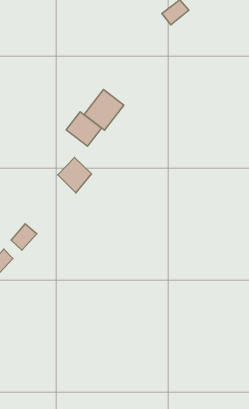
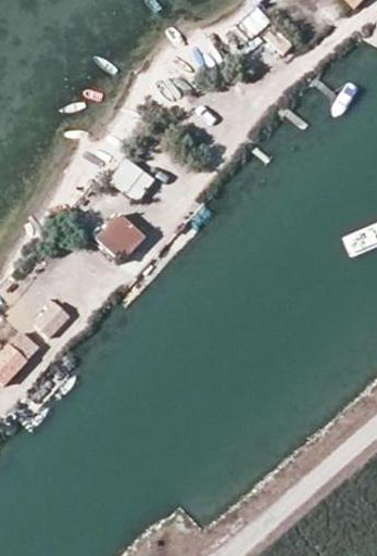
building: [84,90,124,130] -> none

